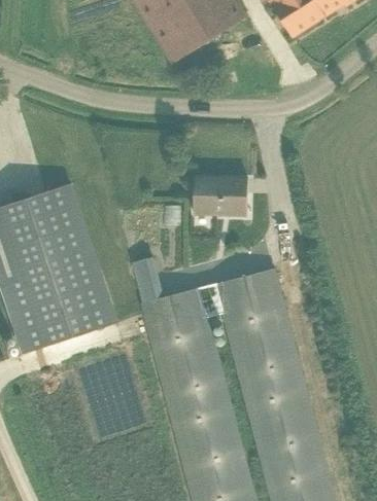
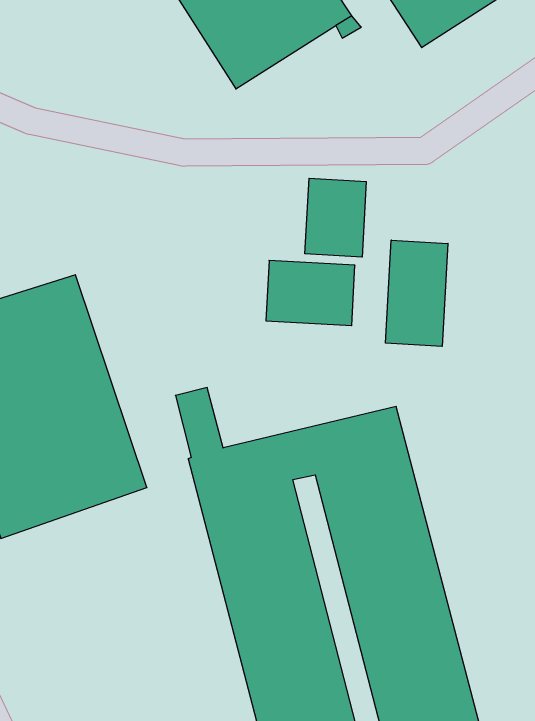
building: none -> [305,178,366,257]
building: none -> [386,240,448,346]

